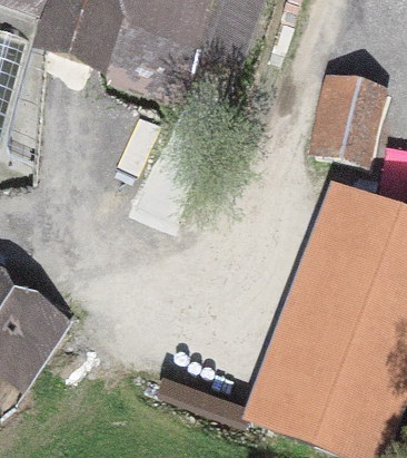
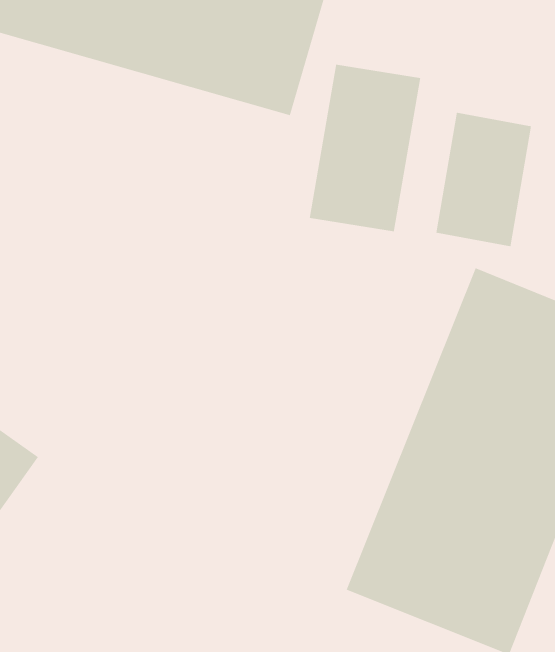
building: none -> [309,64,421,232]

